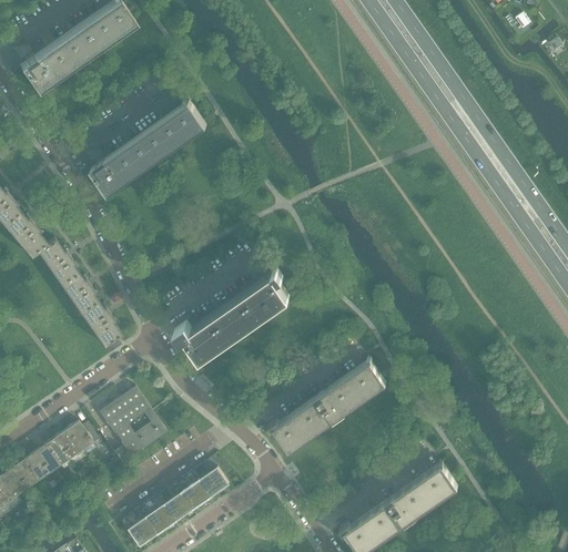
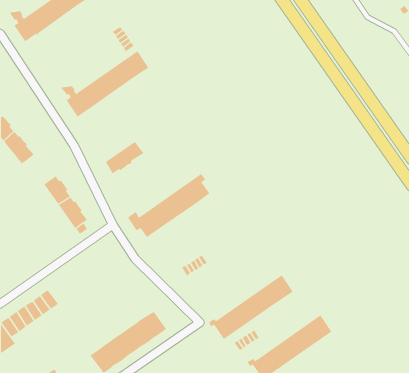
building: none -> [105,141,144,174]
building: [38,241,78,287] -> none
building: [268,362,386,452] -> [208,274,294,340]
building: [99,389,166,460] -> none
building: [67,423,100,453] -> none

